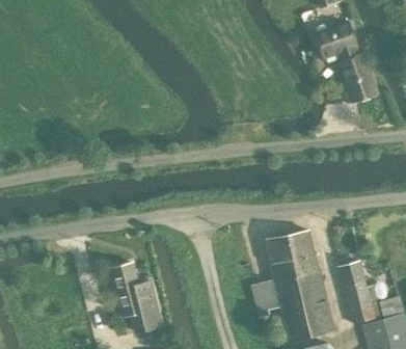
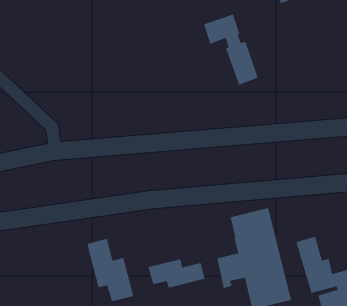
building: [316,23,376,101] -> [203,14,258,85]
building: none -> [148,258,205,289]

